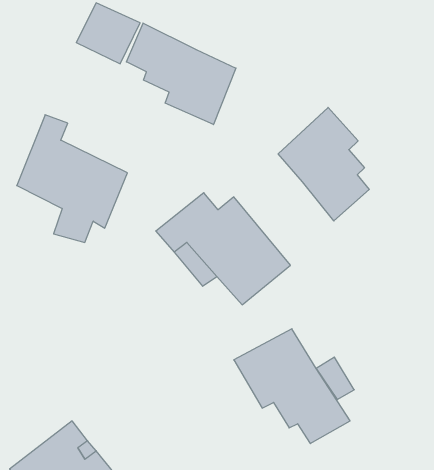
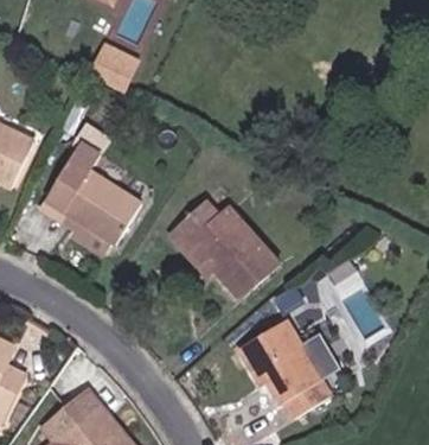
building: [126,23,236,125] -> none
building: [278,107,369,221] -> none

